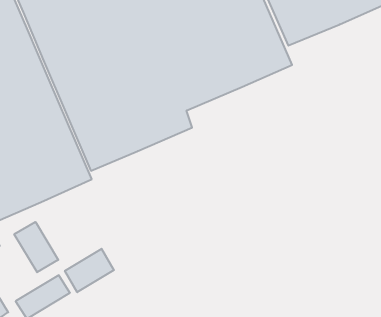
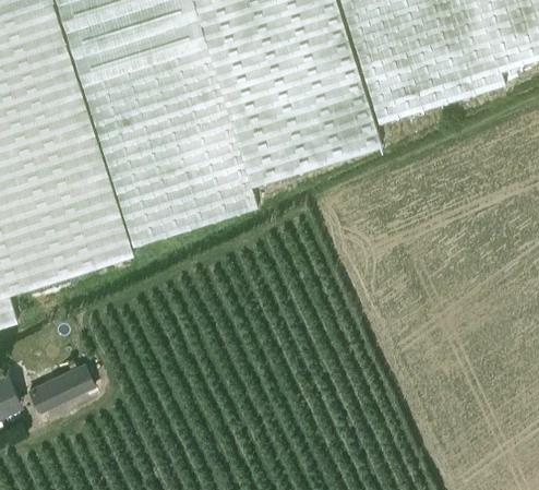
building: [14,222,58,272] -> none
building: [65,249,114,292] -> none

